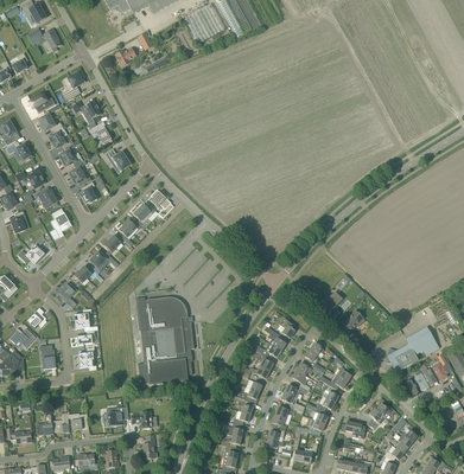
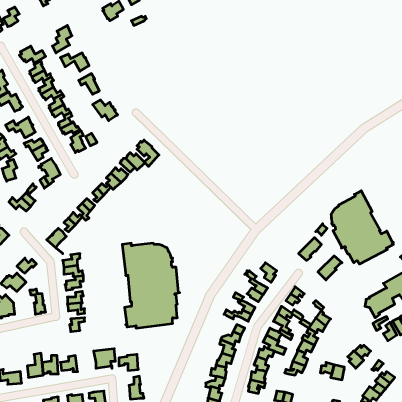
building: none -> [331,191,393,264]

